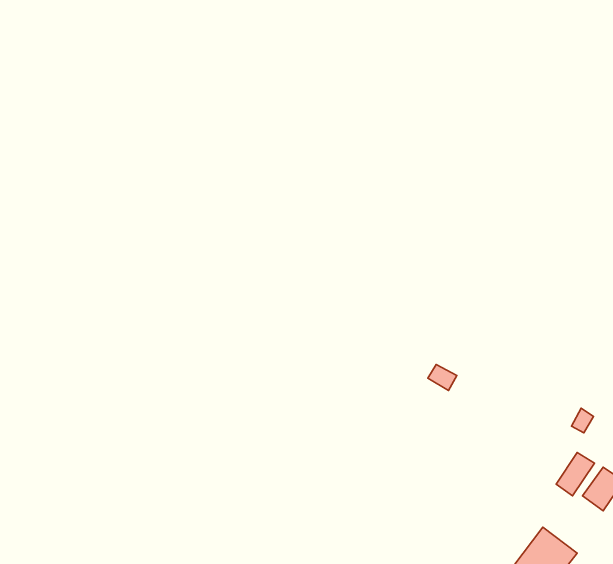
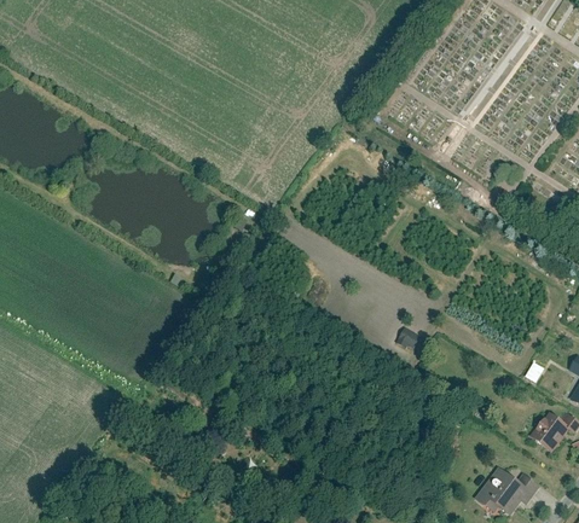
building: [556,452,595,496] -> none

